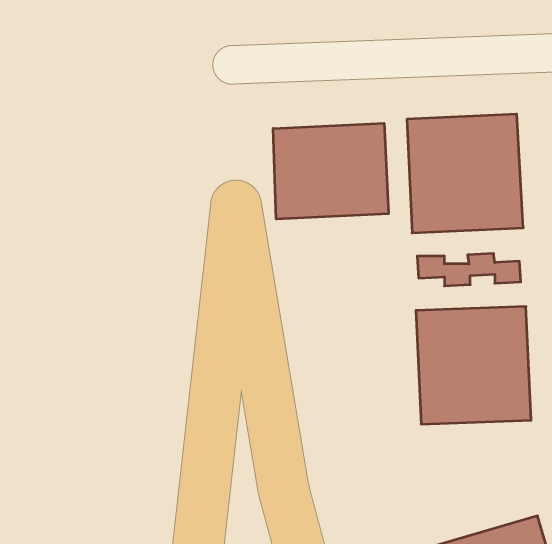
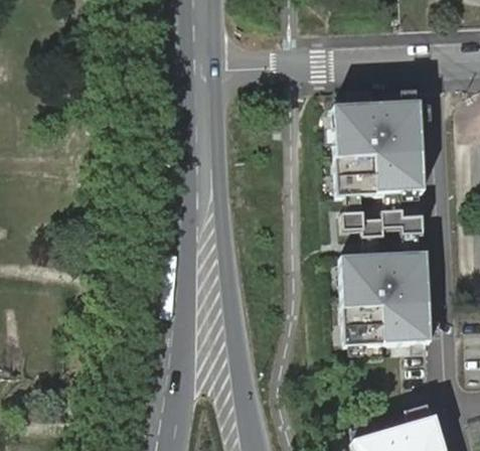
building: [273,123,388,219] -> none

